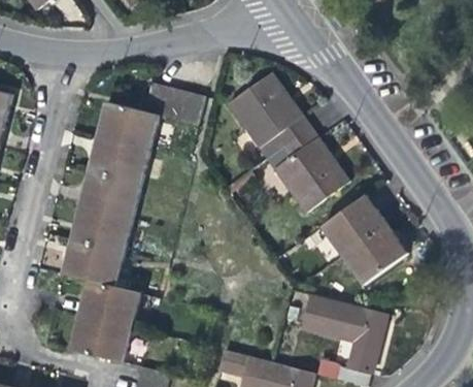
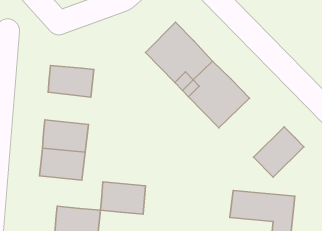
building: [144,83,205,125] -> none
building: [89,135,150,184] -> none
building: [322,195,387,256] -> none
building: [63,238,124,287] -> [101,182,145,214]

